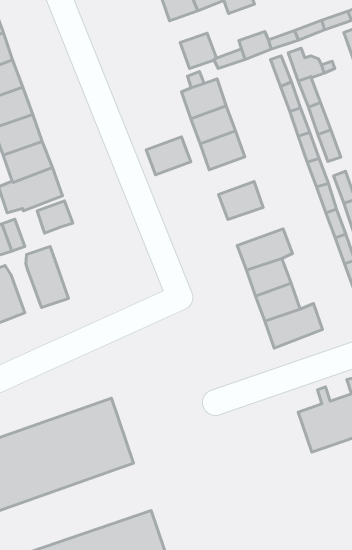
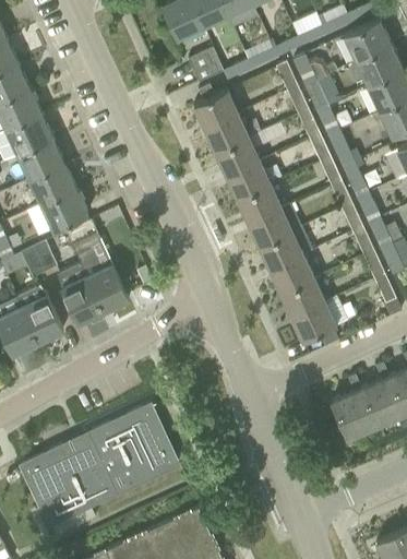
building: [146,137,191,175] -> [227,163,271,201]
building: none -> [249,204,302,248]
building: none -> [75,245,129,312]

